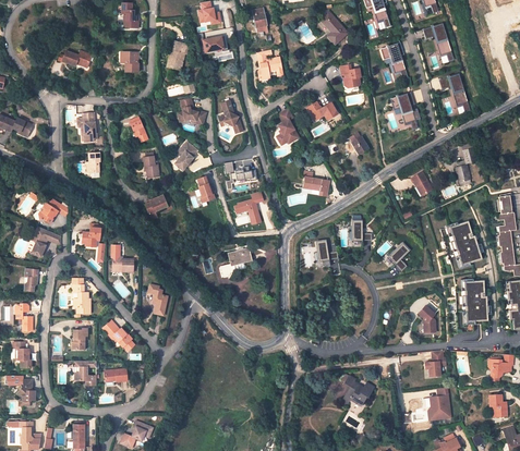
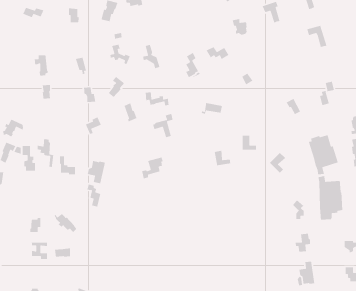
building: [256,50,282,78] -> none
building: [390,92,420,123] -> none
building: none -> [87,160,106,184]
building: [72,279,90,314] -> [22,145,36,171]
building: [341,375,373,405] -> none

